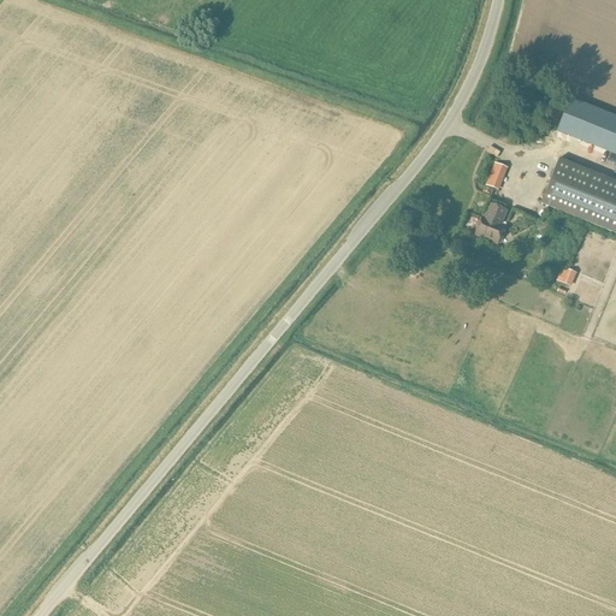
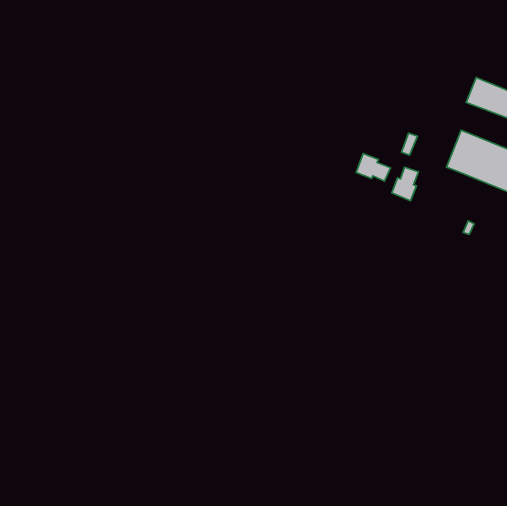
building: none -> [356,153,390,181]

